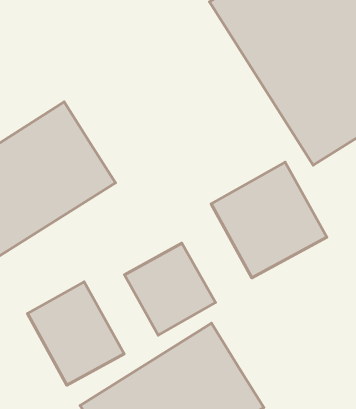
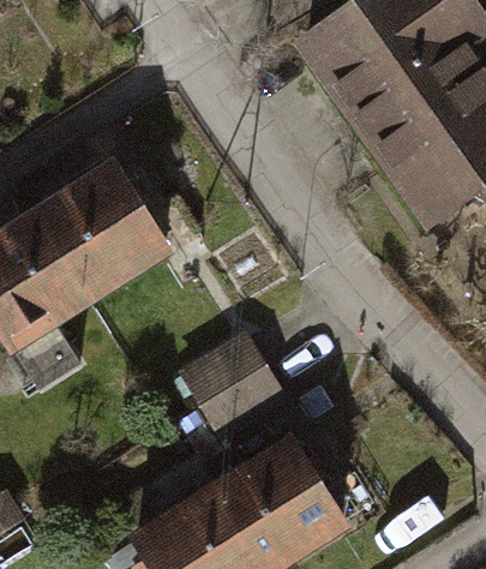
building: [211,162,327,278] -> none
building: [28,282,124,385] -> none

